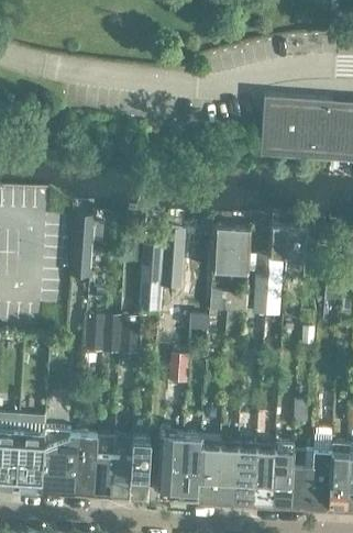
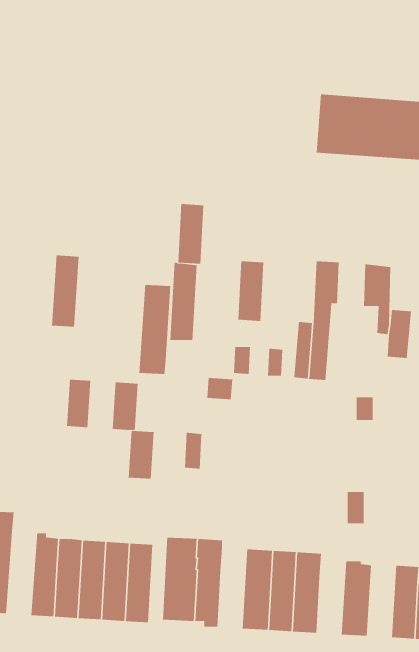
building: [230,227,250,273] -> [178,204,204,264]
building: [101,315,121,352] -> [128,430,154,479]
building: [41,427,63,490] -> none
building: [198,440,219,500] -> none
building: [272,442,293,504] -> none
building: [309,447,331,507] -> none

